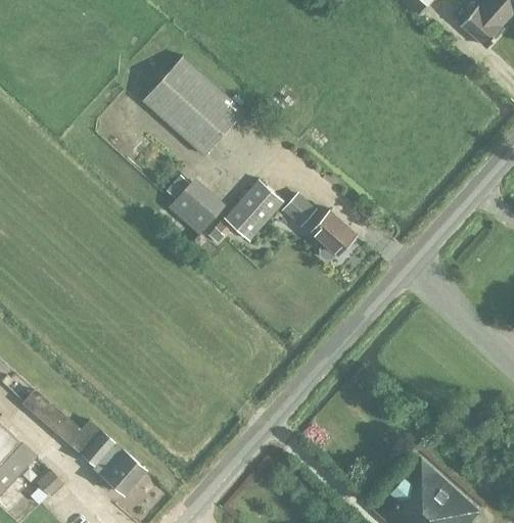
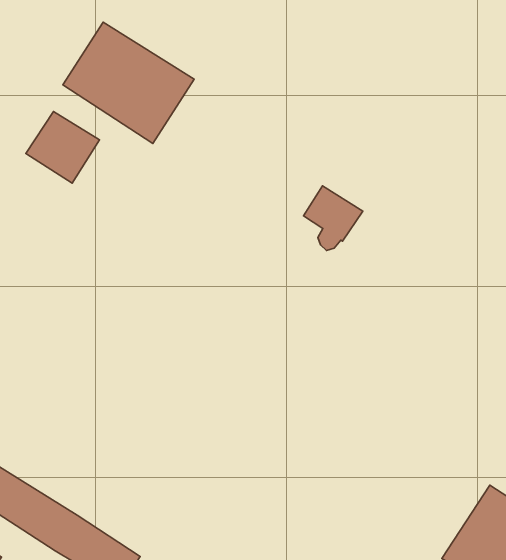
building: [168,177,226,234] -> [26,112,100,183]
building: [224,180,283,241] -> none
building: [282,195,315,228] -> none

